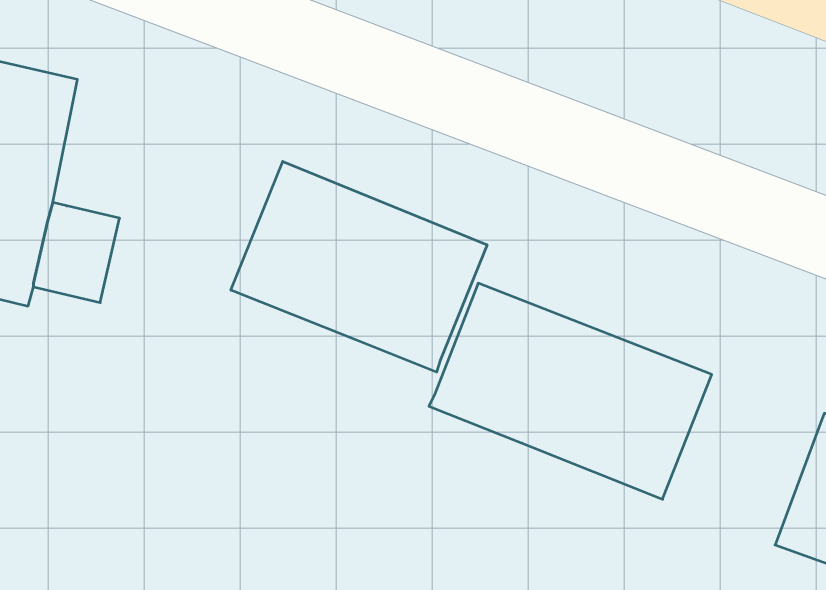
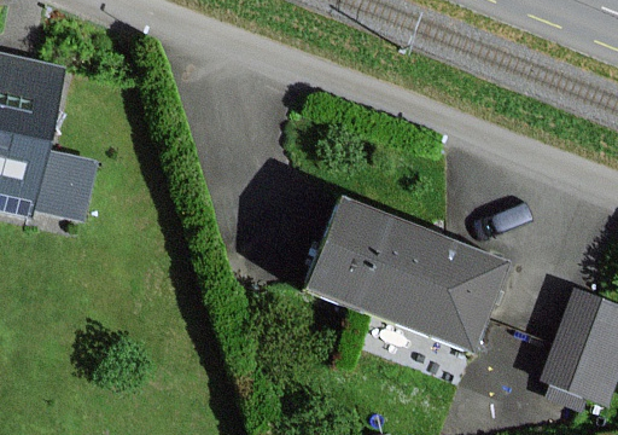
building: [231,161,487,372] -> none

